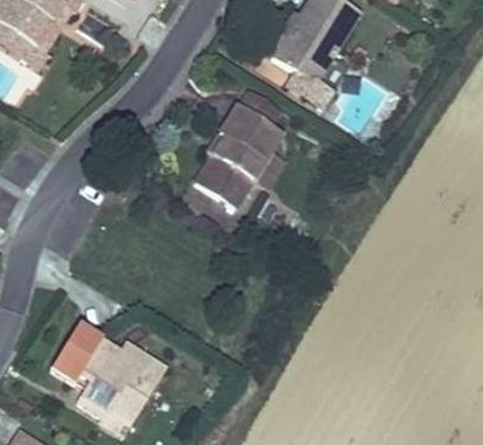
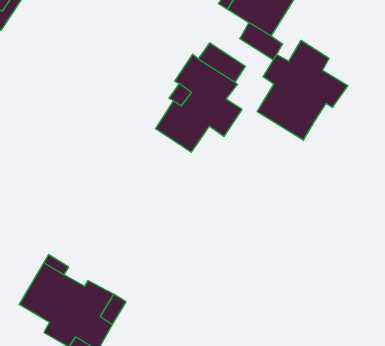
building: none -> [257,40,348,140]

